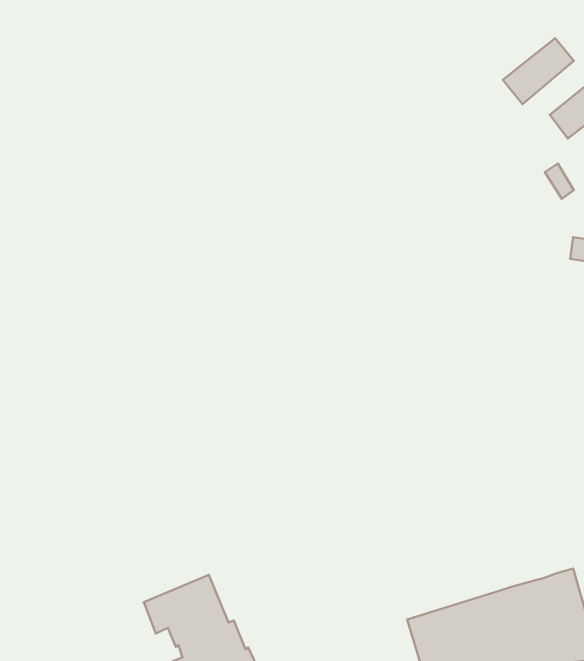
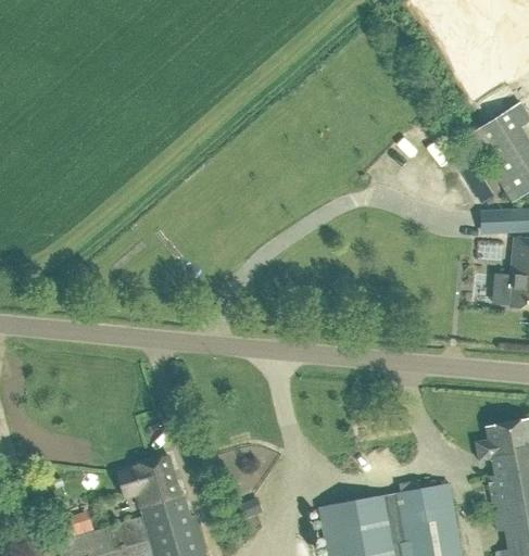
building: [503,38,574,104] -> none

